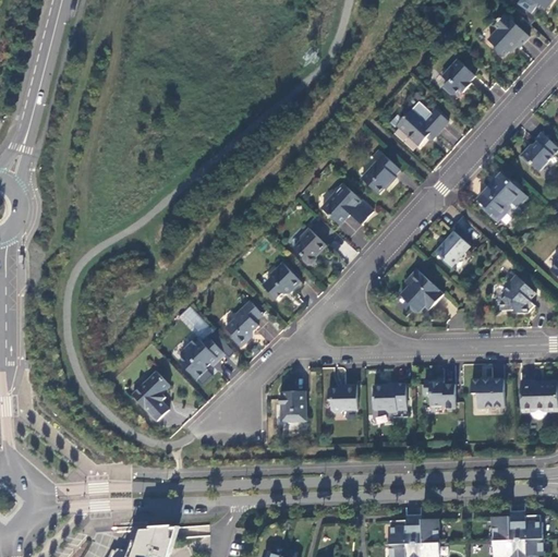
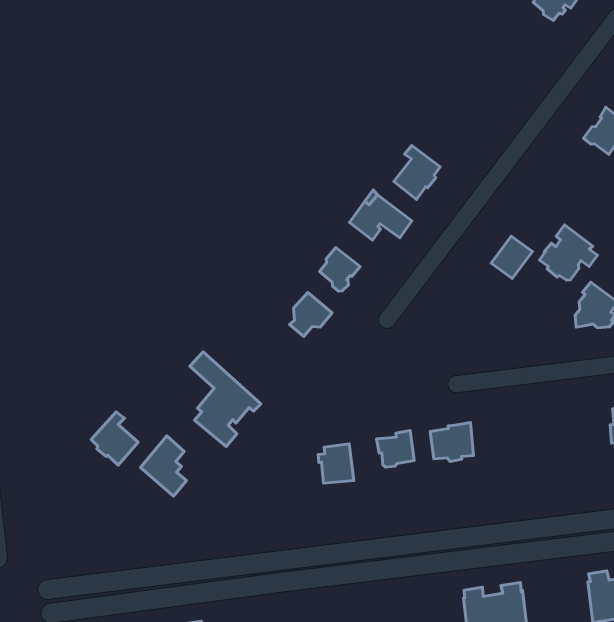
building: [441,59,475,94] -> none
building: [397,101,448,145] -> none
building: [477,172,525,218] -> [540,225,598,280]
building: [400,269,444,312] -> none
building: [226,301,263,347] -> none
building: none -> [91,412,138,465]
building: [471,379,505,408] -> none
building: [424,380,456,409] -> none

